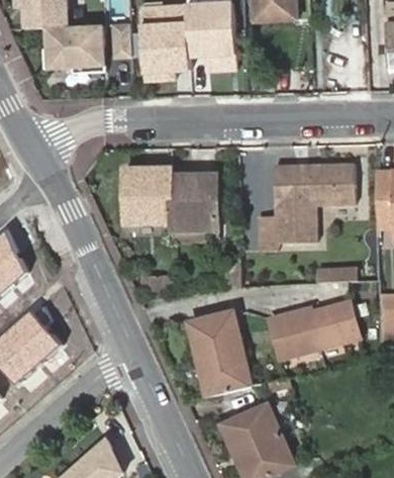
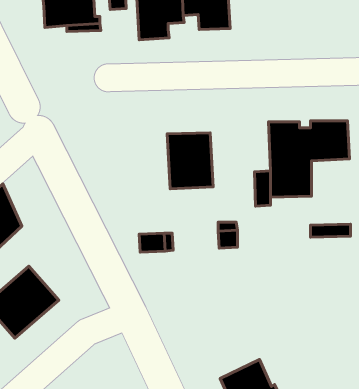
building: [121,169,174,231] -> none
building: [269,302,357,359] -> none
building: [191,310,254,396] -> none

